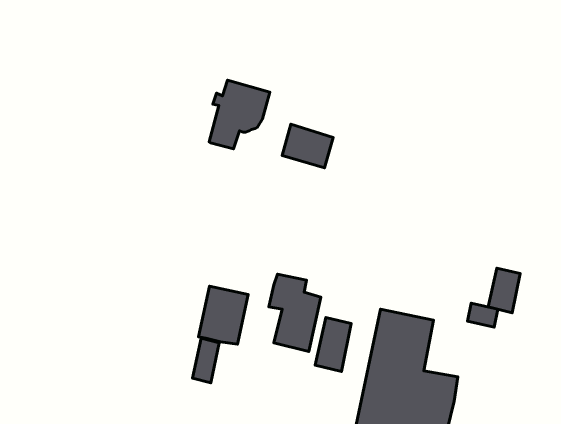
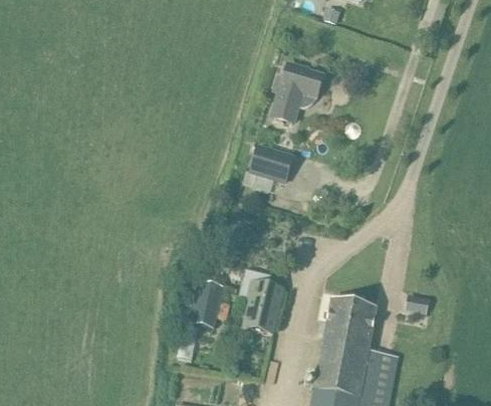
building: [209,80,270,149] -> [273,64,323,122]
building: [488,268,520,313] -> none
building: [315,318,351,371] -> none

